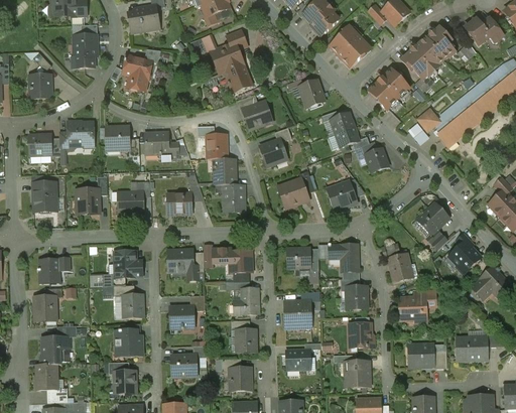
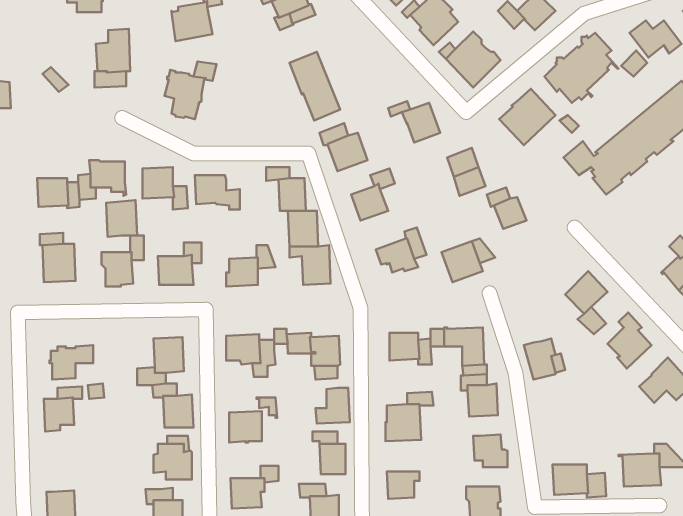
building: [28,74,50,98] -> none
building: none -> [106,200,137,237]
building: [398,296,427,322] -> none
building: [39,336,70,365] -> none

